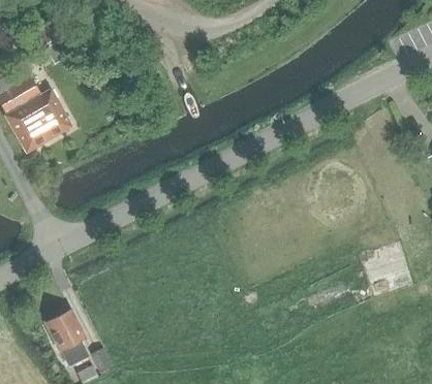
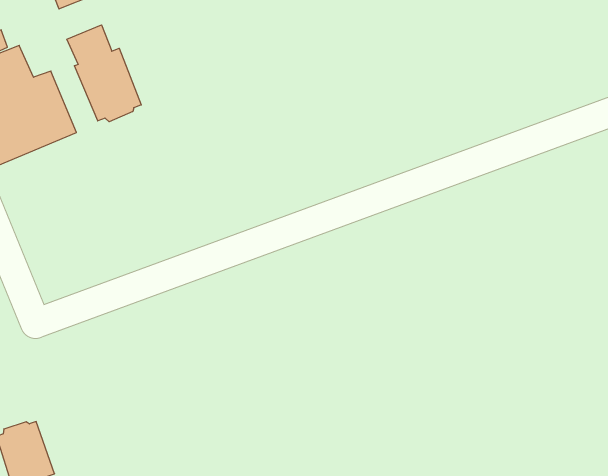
building: none -> [67,25,141,122]

